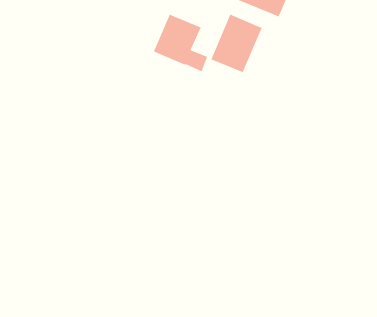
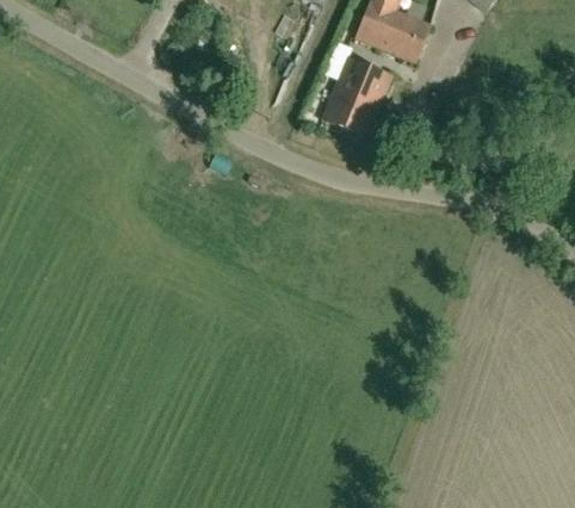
building: [153,14,208,72] -> none

